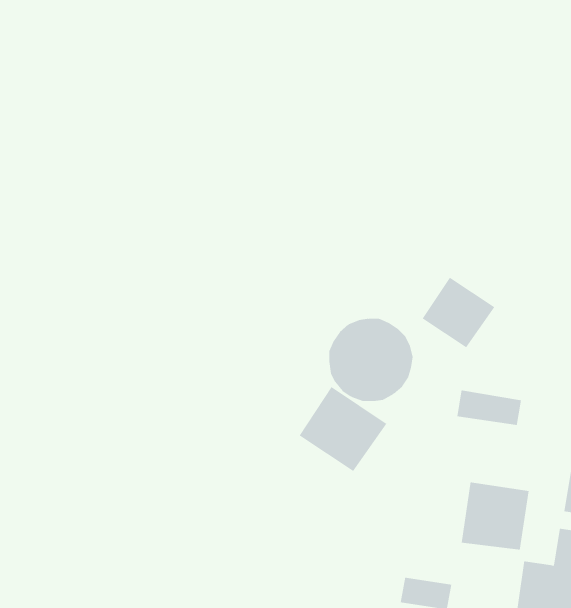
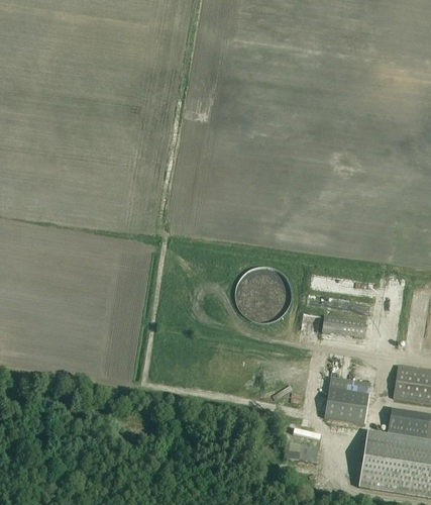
building: [422,277,495,348] -> none
building: [299,386,387,472] -> none

